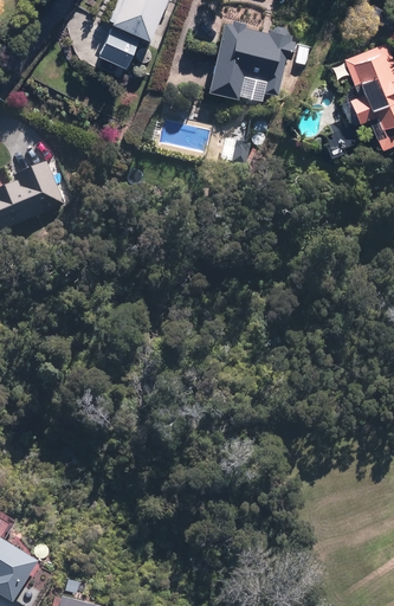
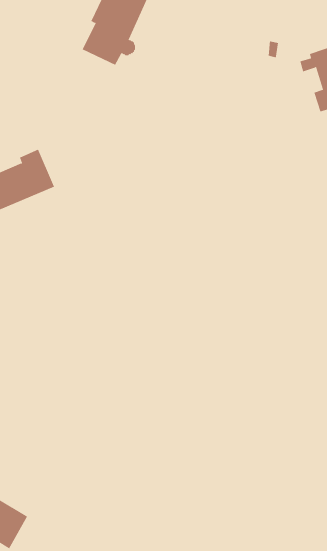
building: [206,21,295,99] -> none

